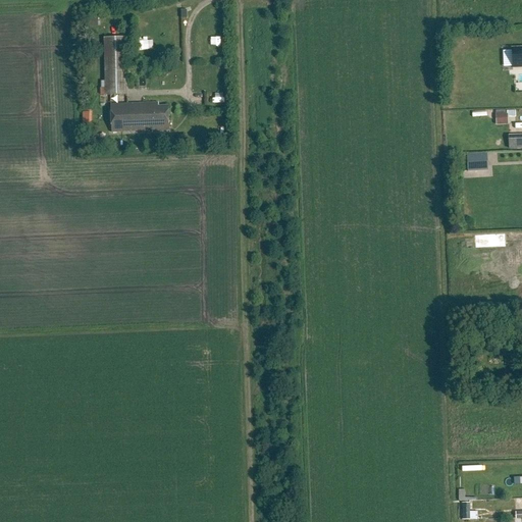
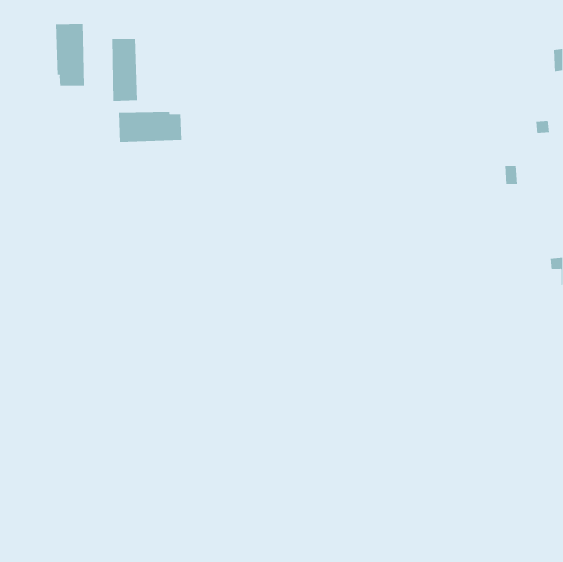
building: none -> [56,23,84,86]

